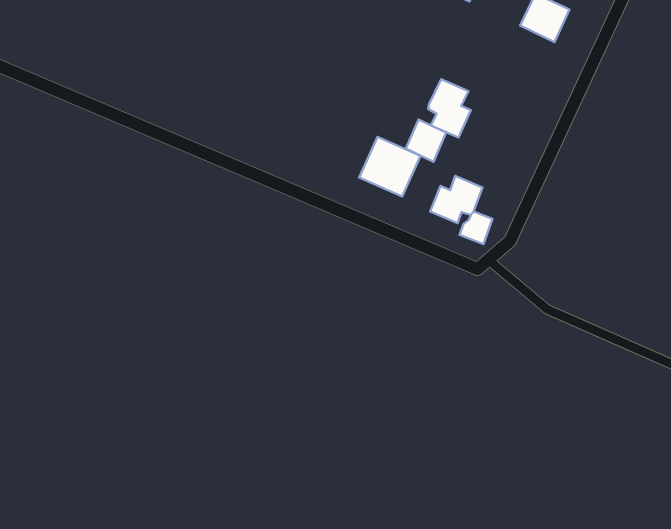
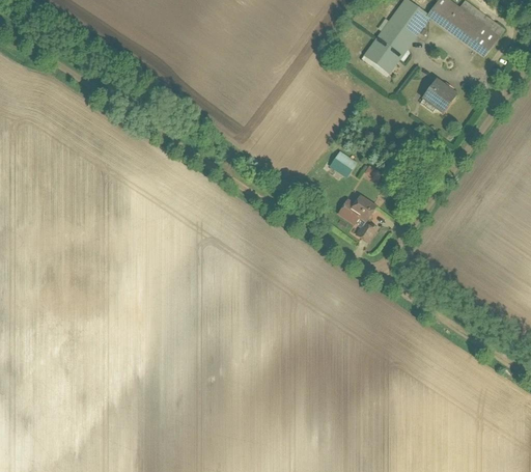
building: [428,79,471,138] -> none
building: [359,137,421,196] -> none

